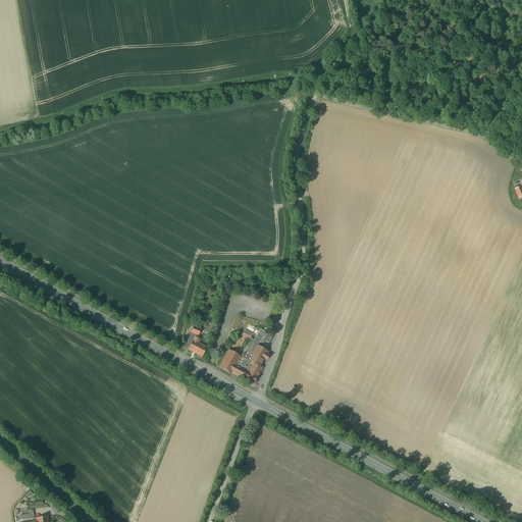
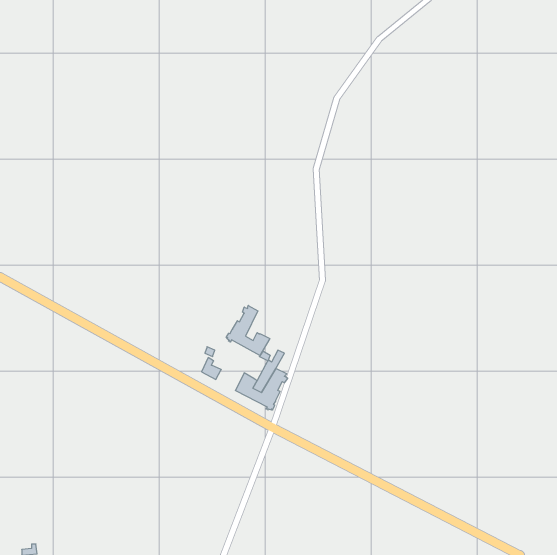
building: none -> [226,305,270,356]

